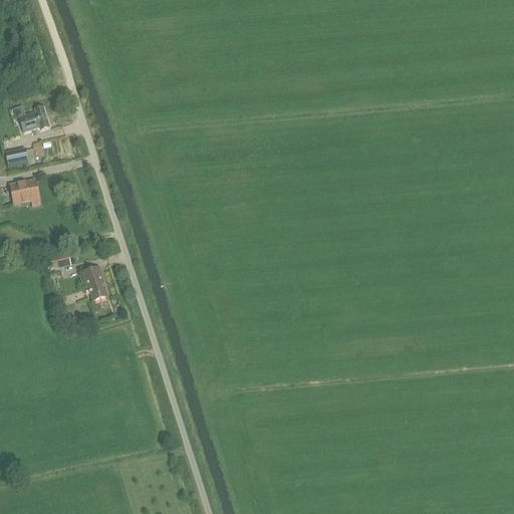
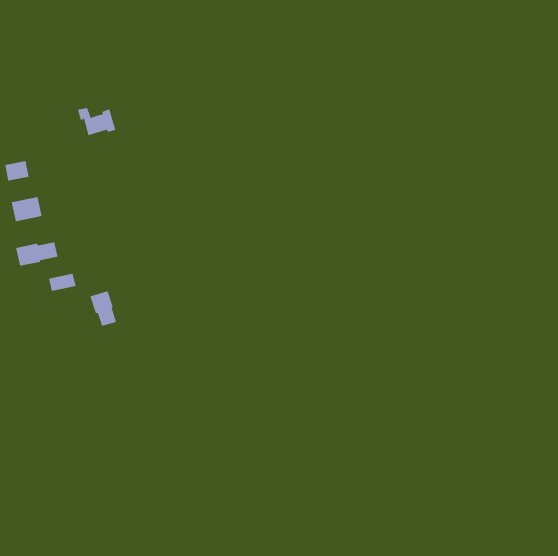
building: [13,105,49,132] -> [77,107,116,136]
building: none -> [15,242,58,267]

